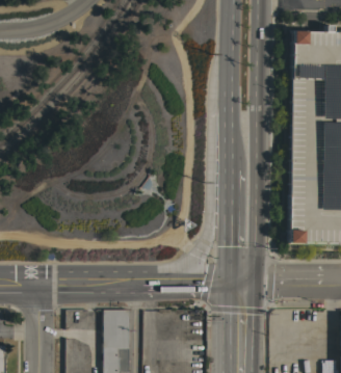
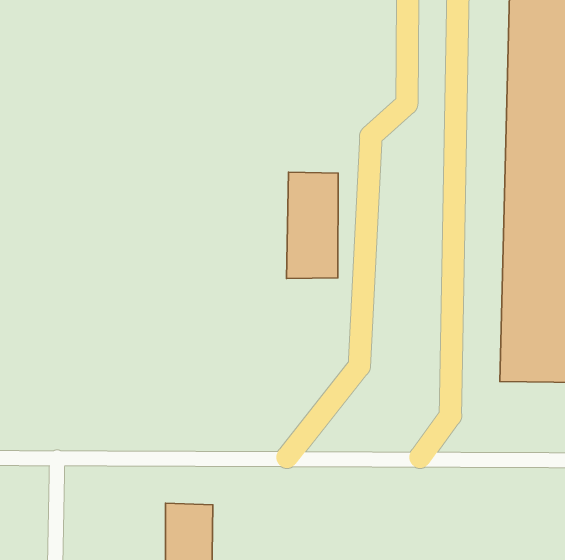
building: none -> [286,172,338,278]

